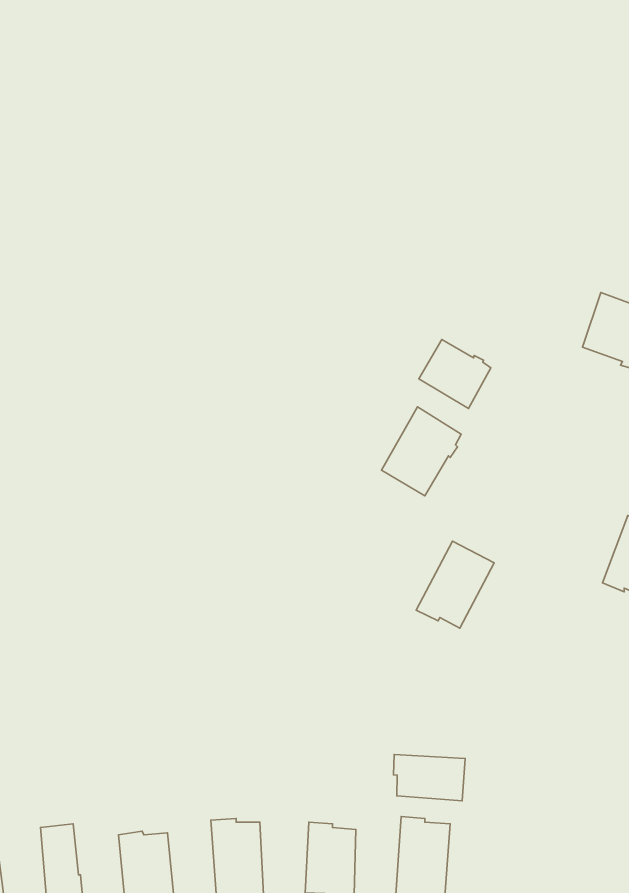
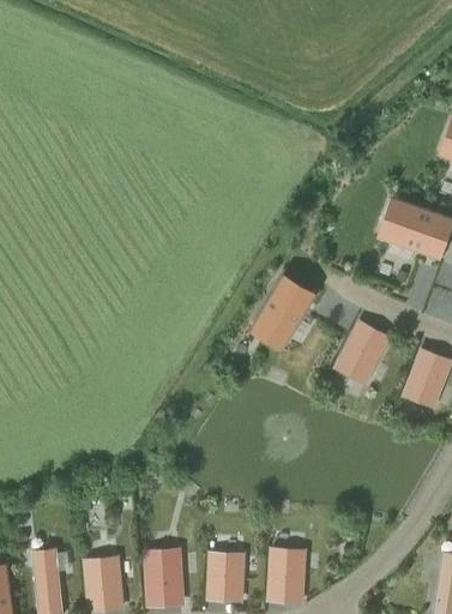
building: [419,340,491,409] -> none
building: [416,541,494,628] -> [337,321,388,379]
building: [394,755,465,801] -> none

